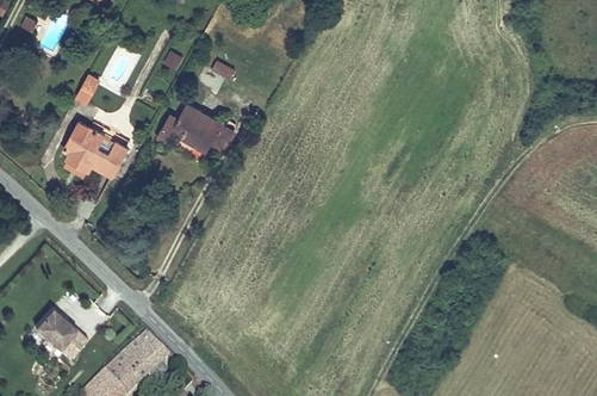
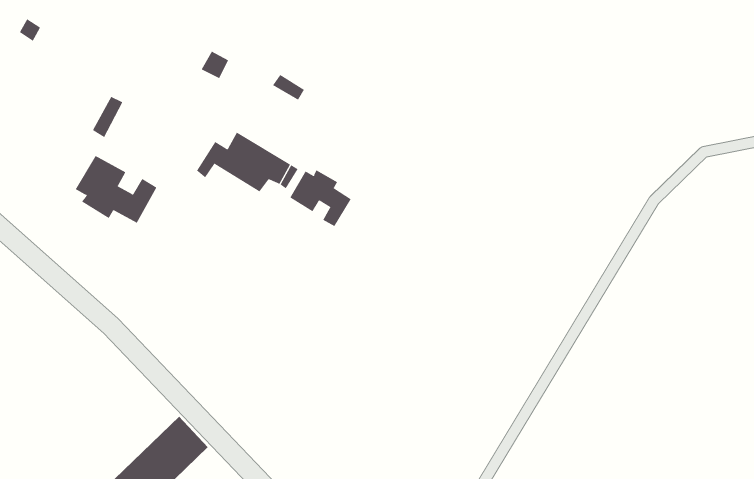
building: none -> [290,170,351,227]
building: [30,302,83,352] -> none

